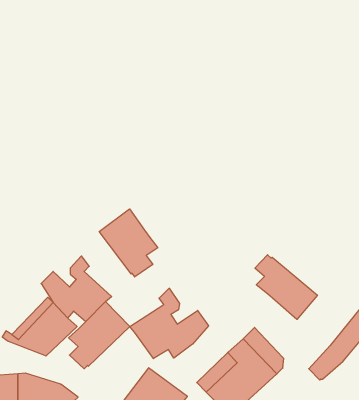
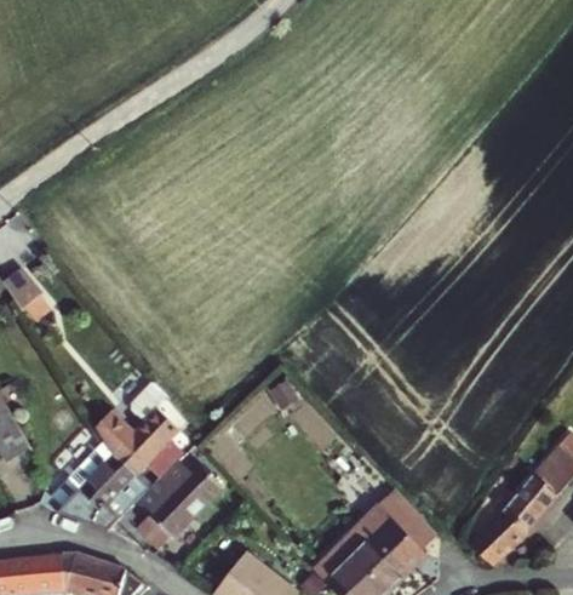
building: [99,209,158,277] -> none
building: [255,255,317,319] -> none
building: [130,288,209,359] -> none

